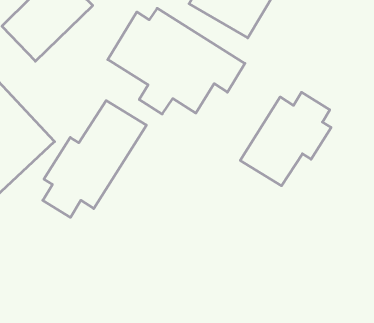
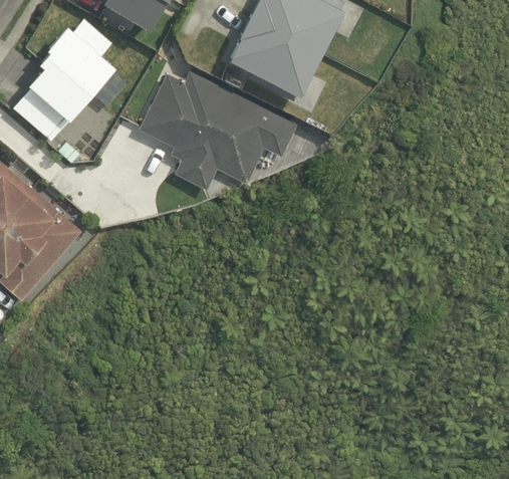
building: [240,92,331,186] -> none
building: [43,101,146,217] -> none

